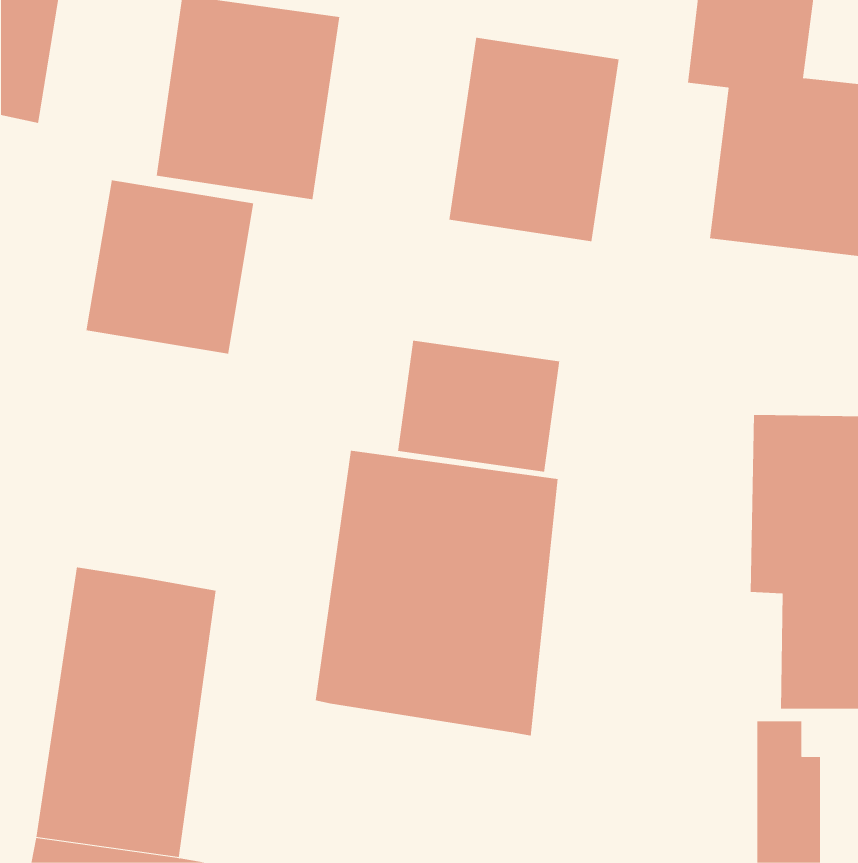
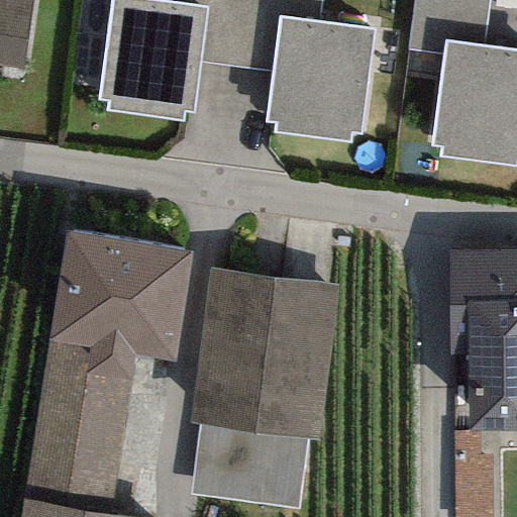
building: [86,180,254,354] -> none
building: [397,340,560,472] -> none
building: none -> [49,230,194,359]
building: none -> [194,420,310,506]

